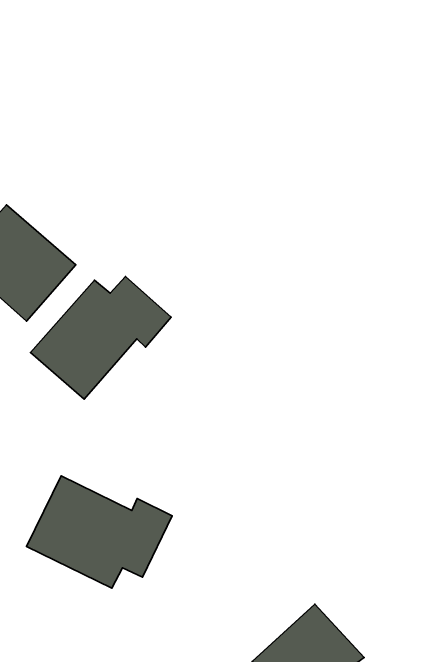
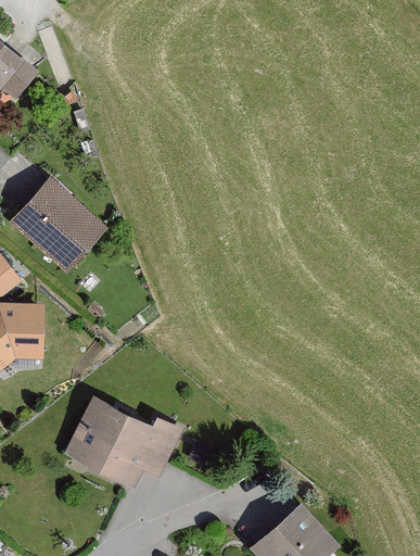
building: [31,276,171,399] -> none

